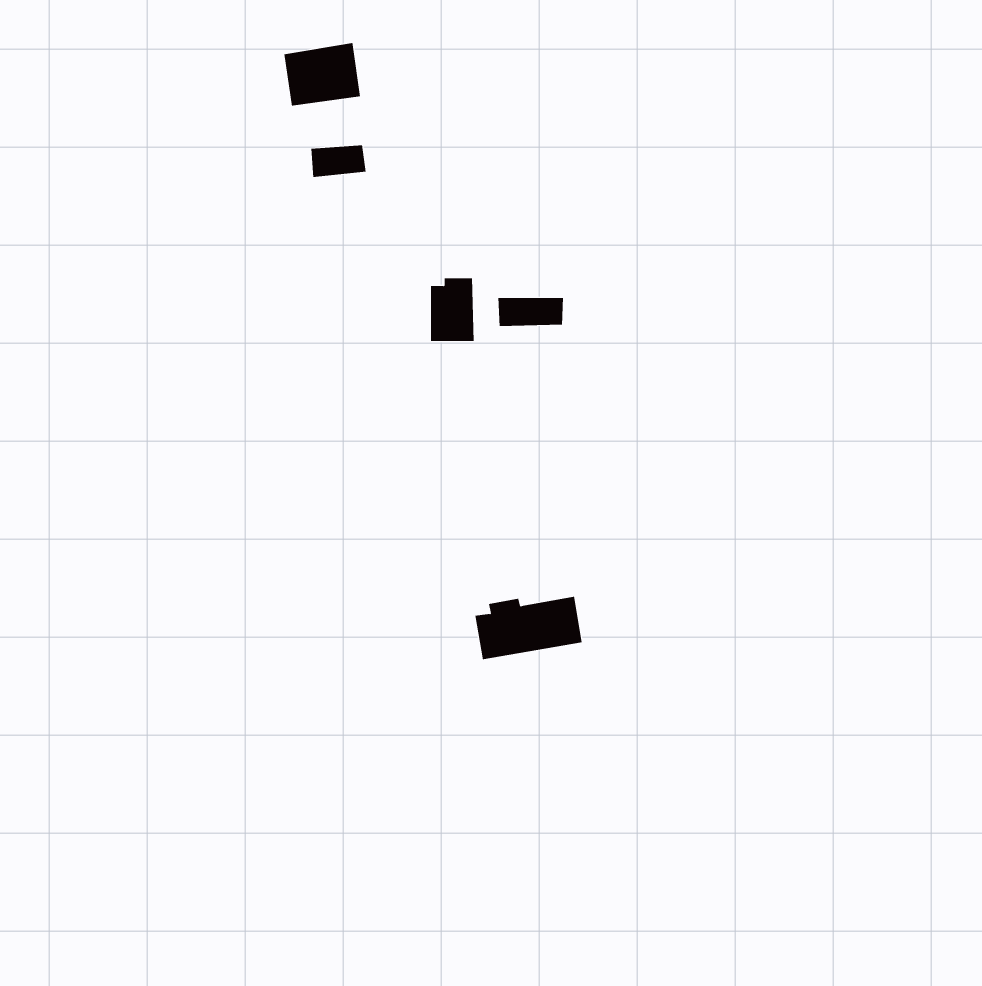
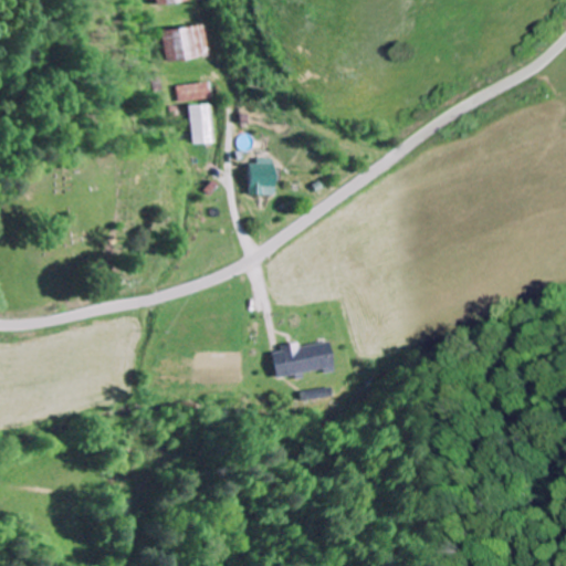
building: none -> [188,105,209,144]
building: [498,297,564,327] -> none

